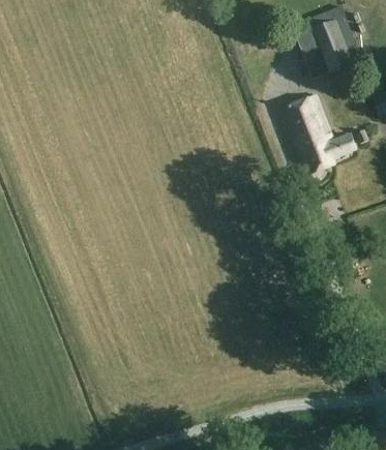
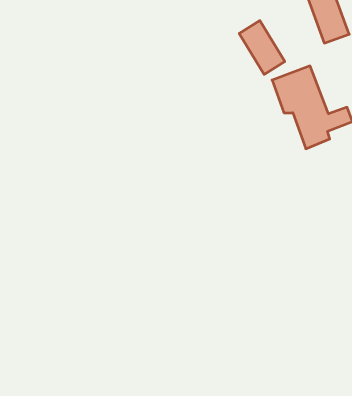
building: none -> [239,21,285,74]

